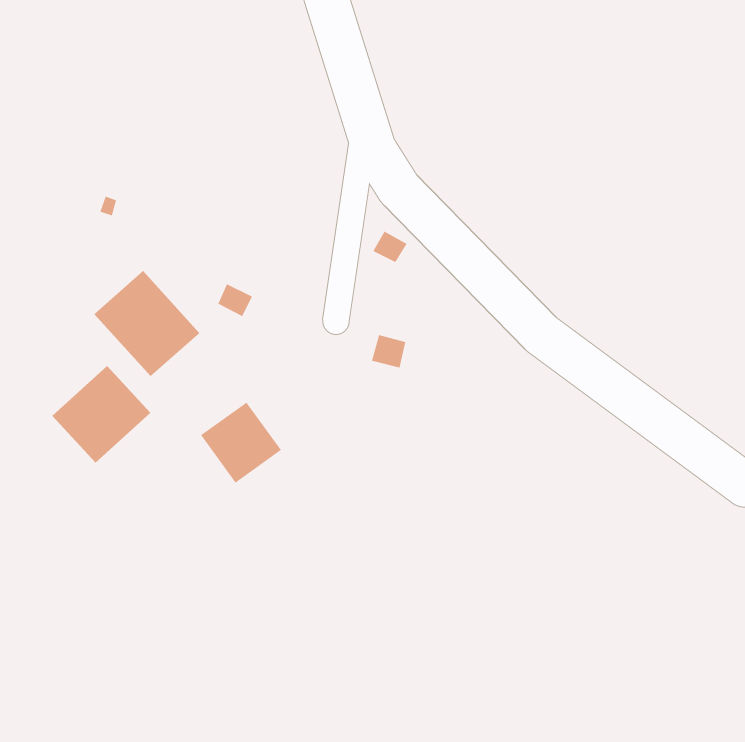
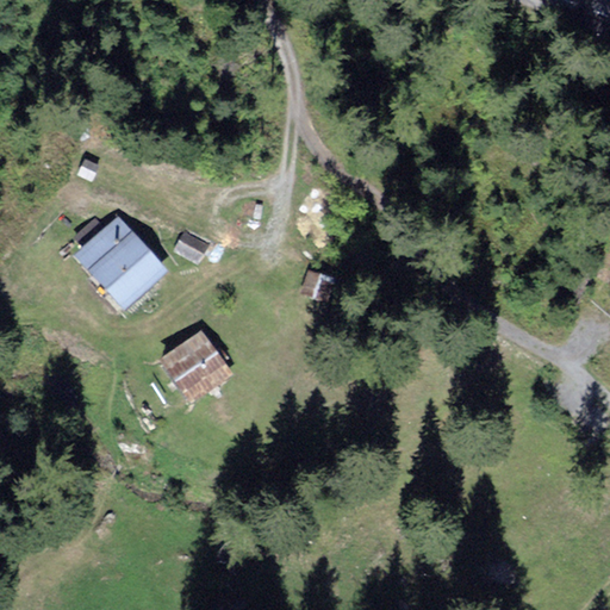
building: [52,365,151,464] -> none

